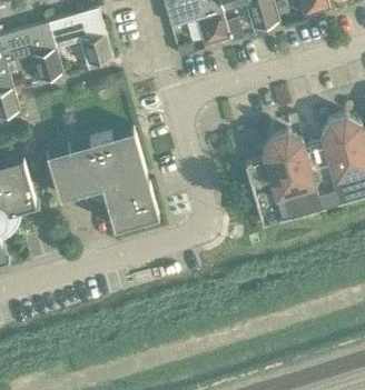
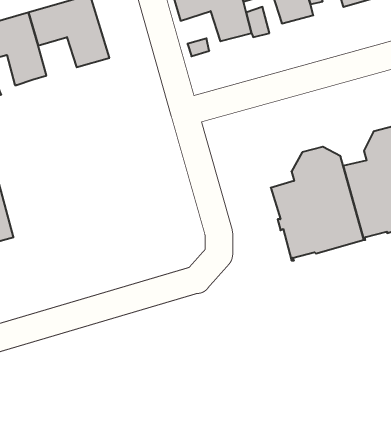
building: [46,128,158,228] -> none

